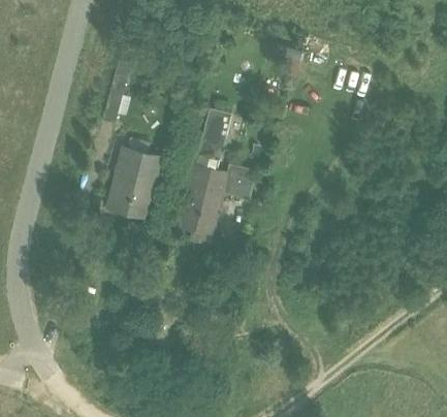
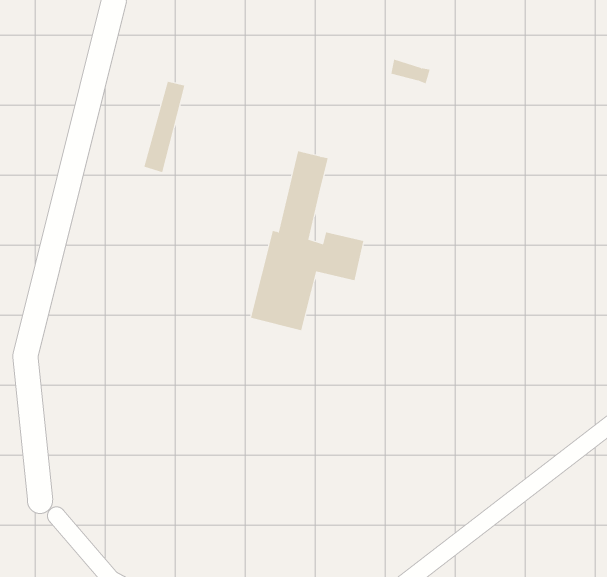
building: [106,150,161,220] -> none

